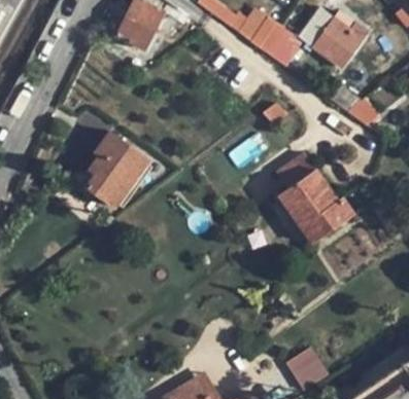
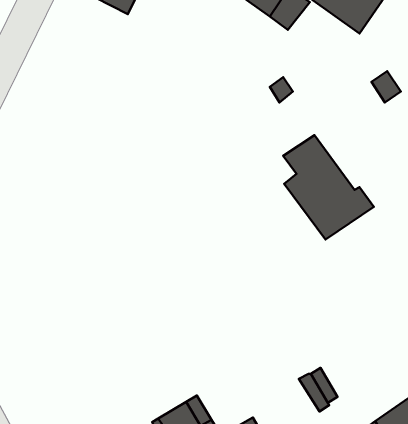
building: [84,132,147,208] -> none

